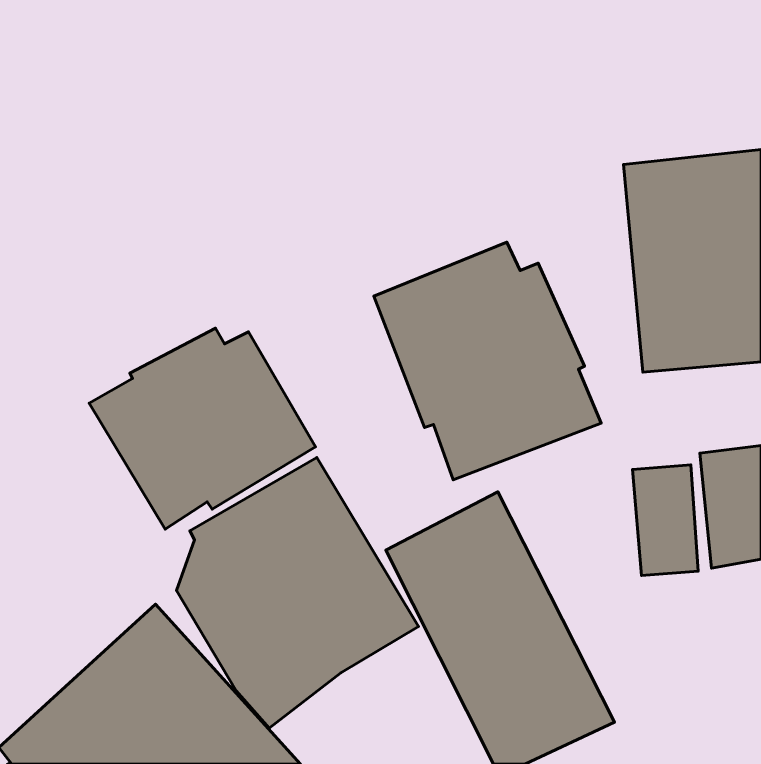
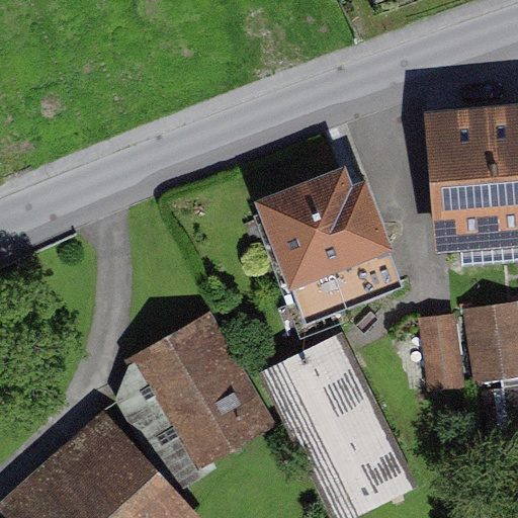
building: [89,328,316,529] -> none

